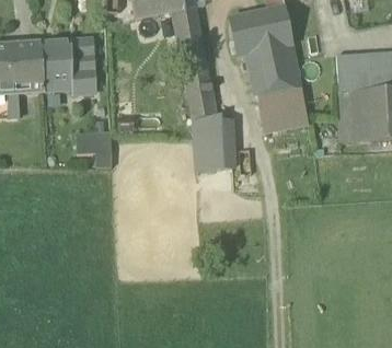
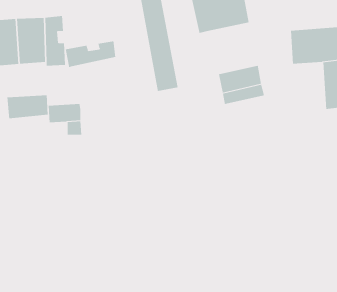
building: [246,44,303,100] -> none
building: none -> [65,40,116,68]
building: [336,86,374,140] -> none
building: [193,113,233,170] -> none
building: none -> [7,94,48,119]

